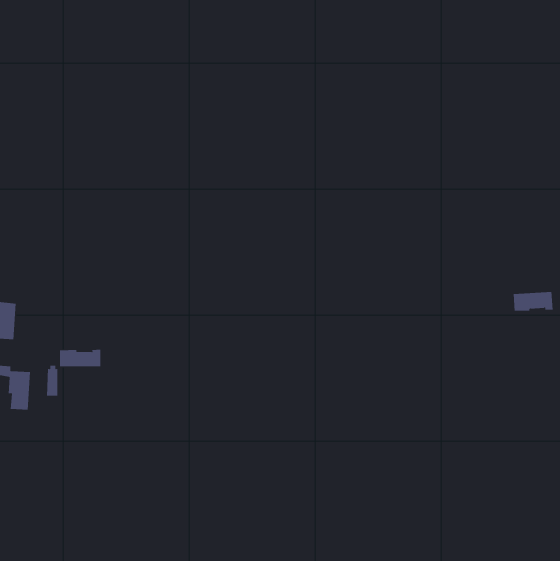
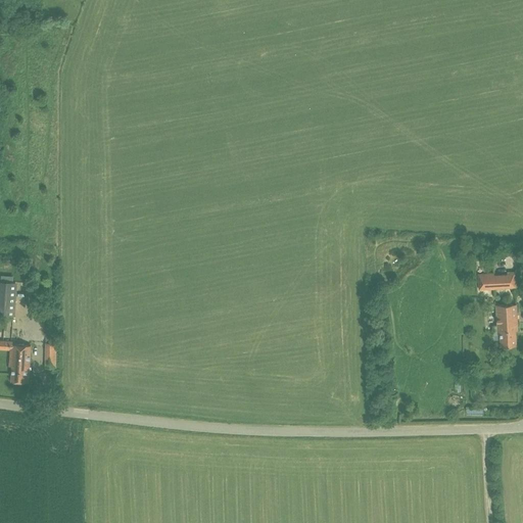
building: none -> [494,304,516,347]
building: [60,349,101,367] -> none

